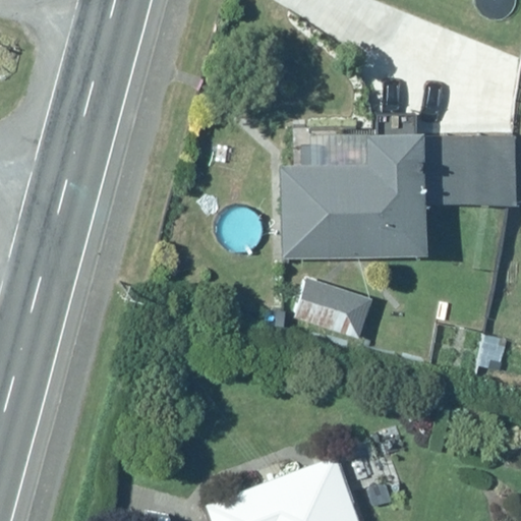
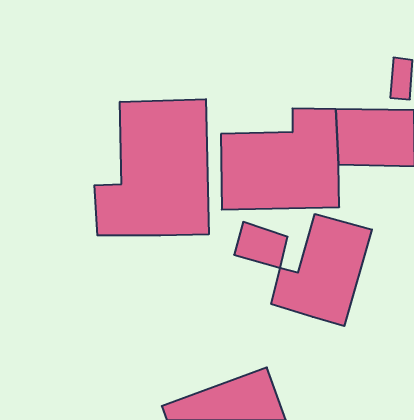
building: none -> [94,99,209,236]
building: none -> [271,214,372,326]

